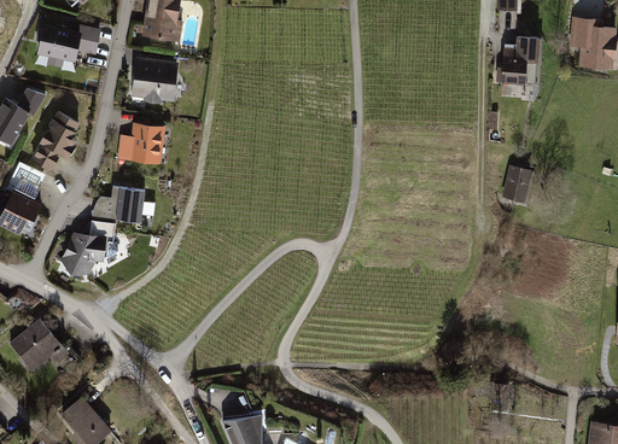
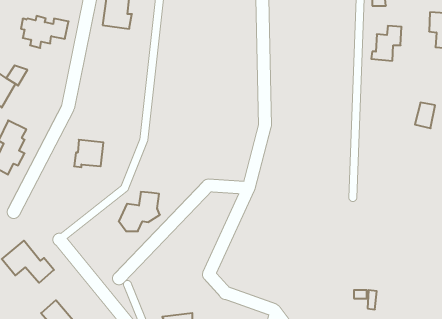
building: [130,59,176,101] -> none
building: [33,112,78,170] -> none
building: [119,127,162,162] -> none
building: [503,168,530,201] -> [415,103,435,128]
building: [63,221,117,273] -> [119,192,160,231]

